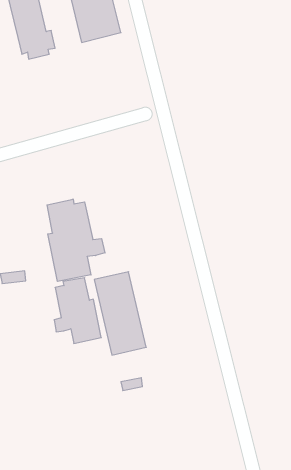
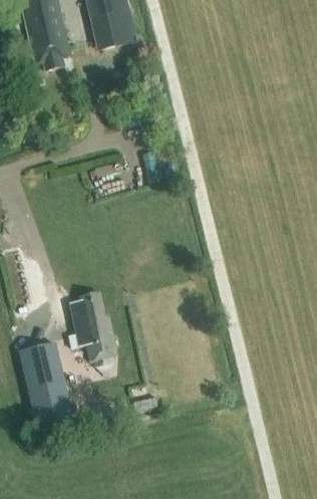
building: [47,199,105,281] -> none
building: [94,272,146,355] -> [20,341,73,427]

